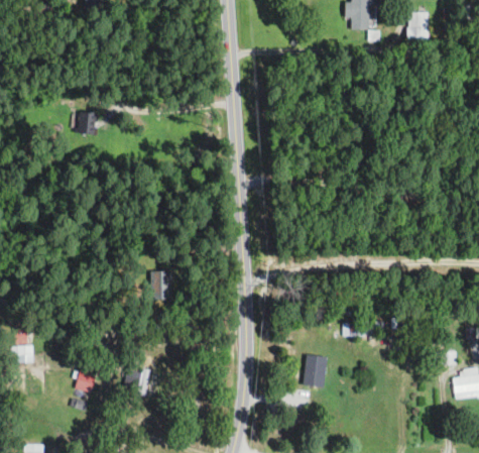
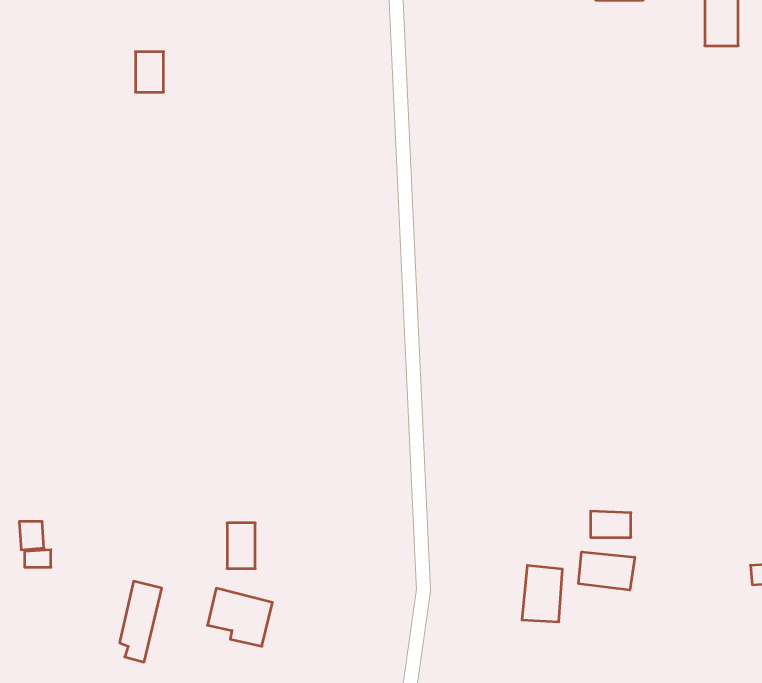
building: [78,112,94,135] -> [135,52,164,92]
building: [154,273,170,300] -> [227,523,255,569]
building: none -> [579,552,635,590]

